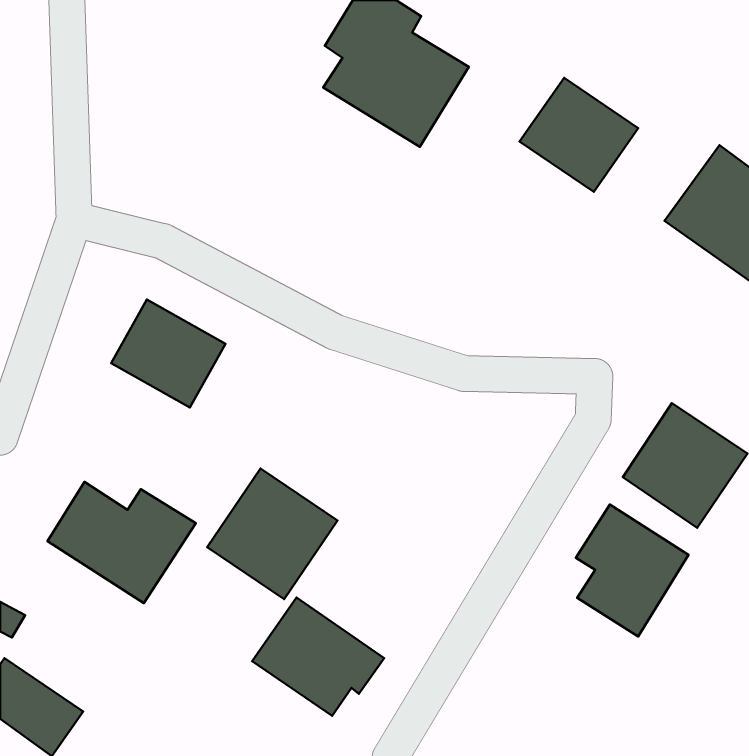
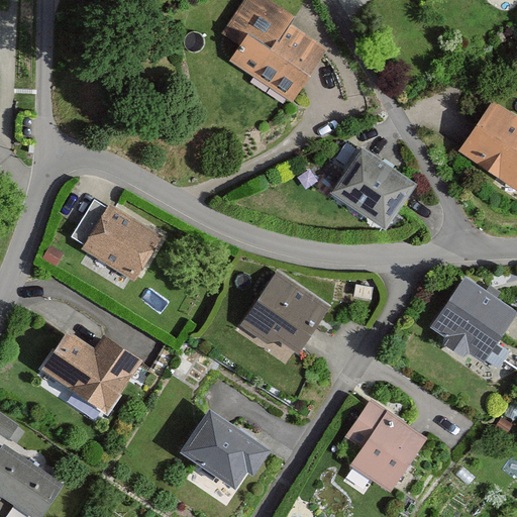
building: [520,78,638,192] -> [330,149,411,227]
building: [207,469,338,599] -> [241,271,330,359]
building: [576,504,689,636] -> [345,401,422,491]

